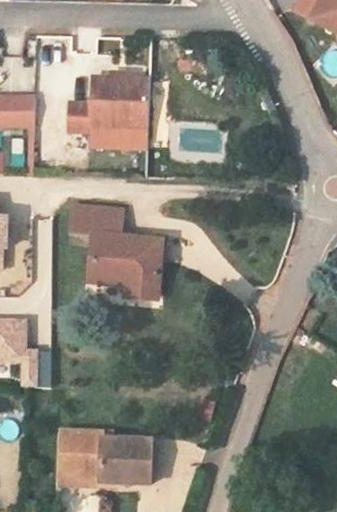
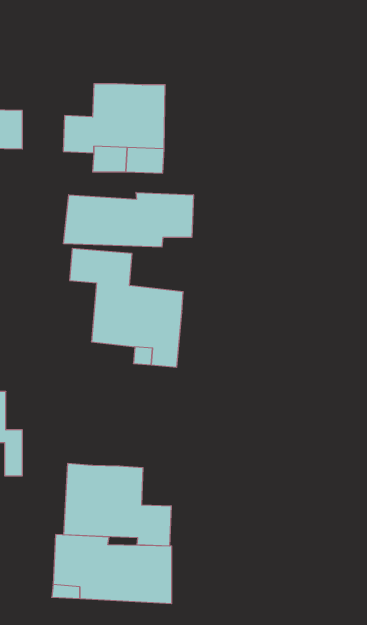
building: none -> [64,192,193,247]
building: none -> [64,463,171,546]

